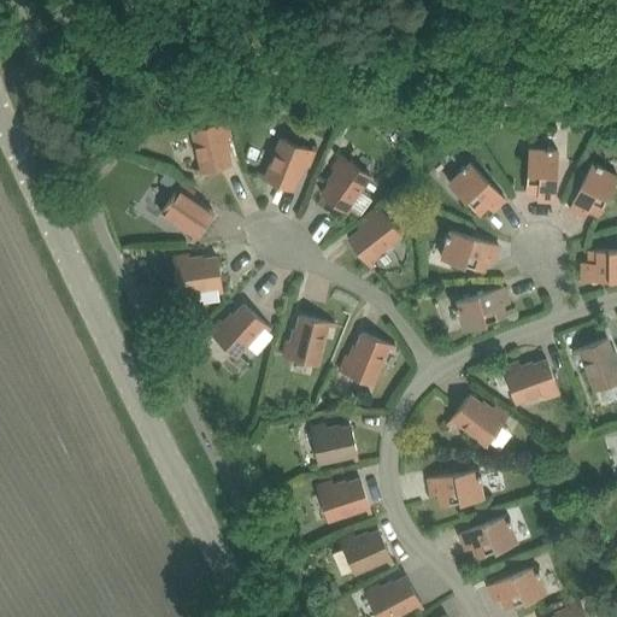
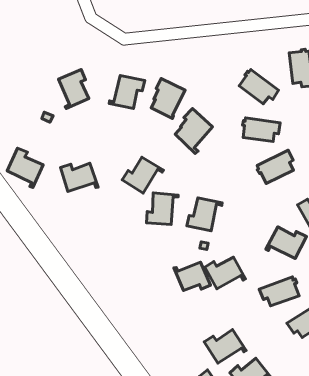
building: [161,183,215,243] -> [7,148,43,188]
building: [210,305,271,357] -> [122,157,164,193]
building: [317,480,372,521] -> [205,257,246,289]

